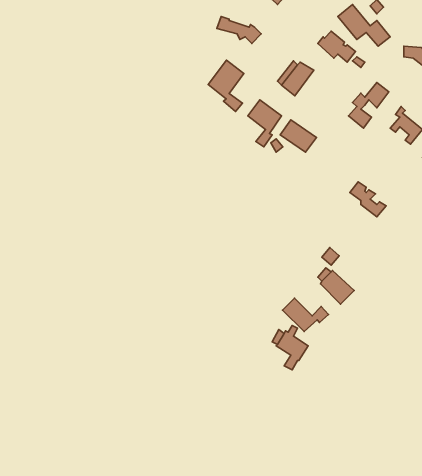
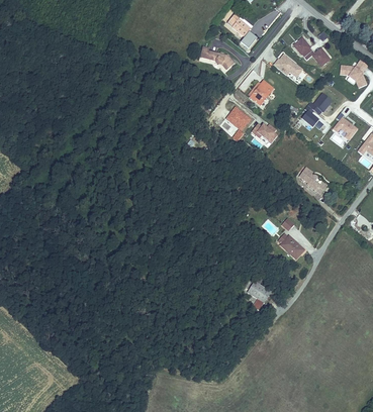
building: [208,60,244,111] -> none
building: [283,298,329,332] -> none

